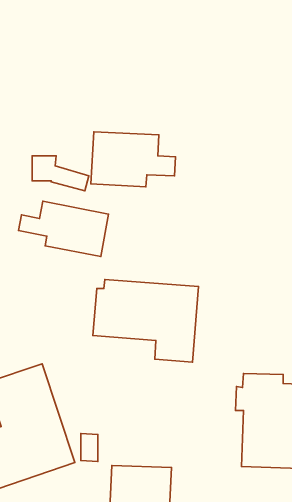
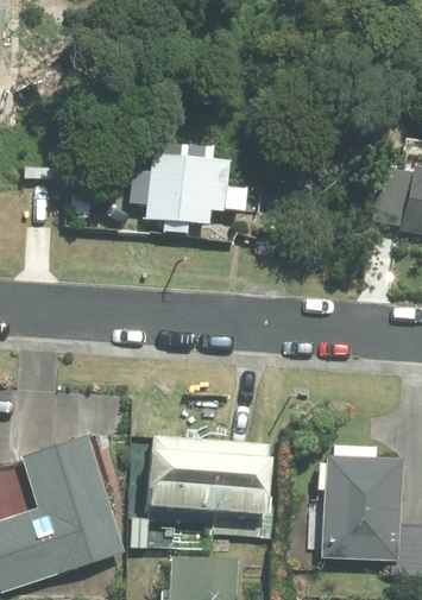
building: [19,201,108,256] -> none
building: [93,279,199,362] -> [141,438,267,537]

